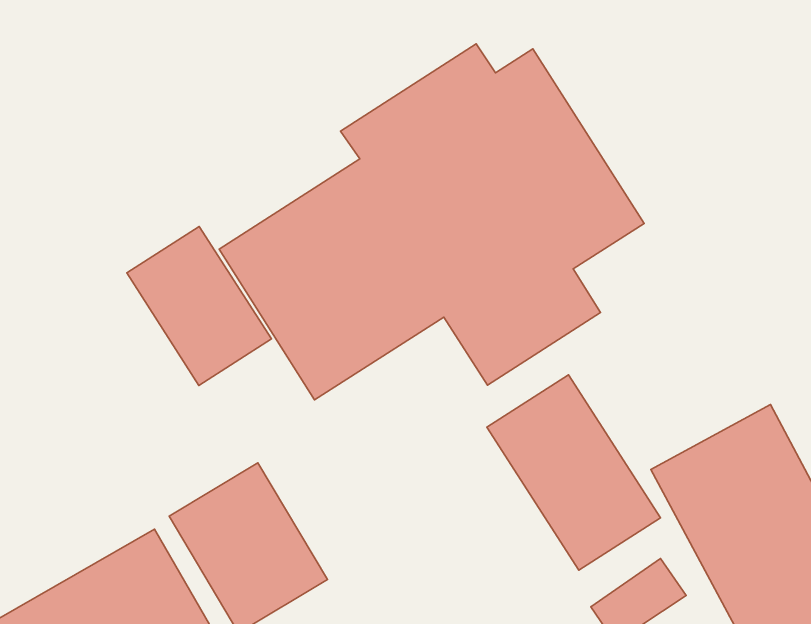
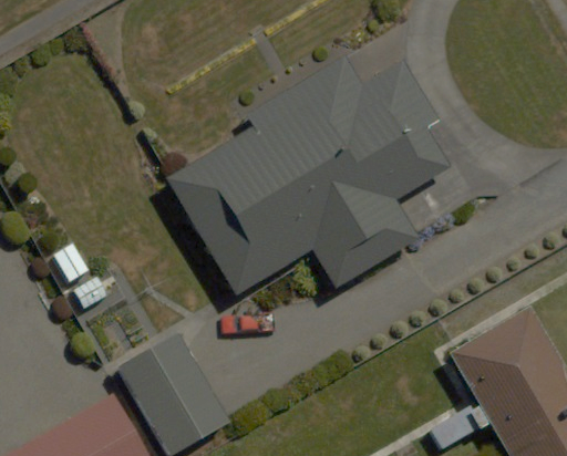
building: [127,227,272,385] -> none
building: [487,375,660,570] -> none

